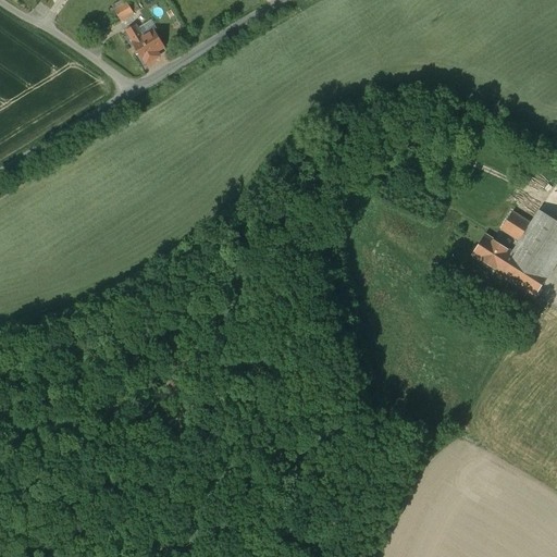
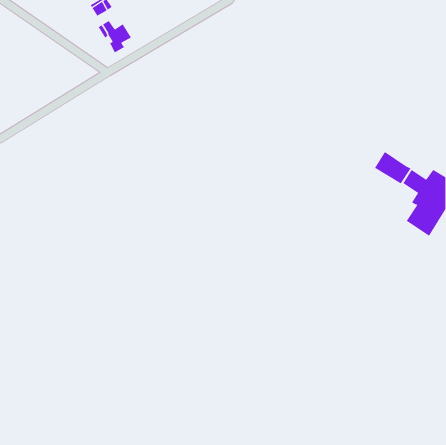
building: [472,234,519,275] -> [374,151,412,184]

